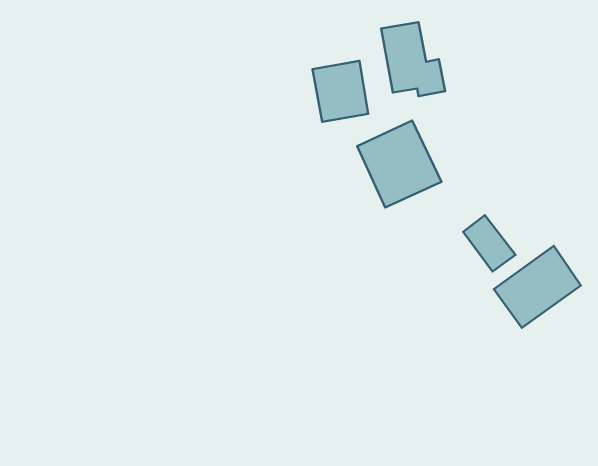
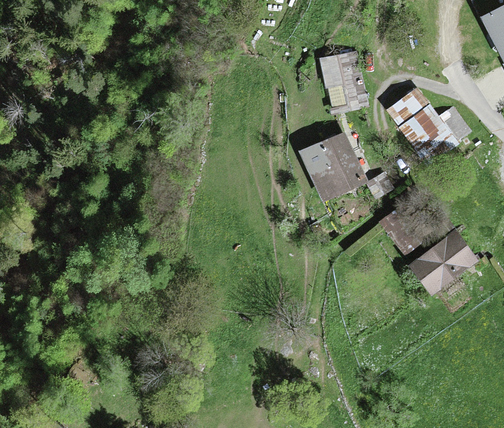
building: [313,61,368,122] -> none
building: none -> [387,88,470,163]

